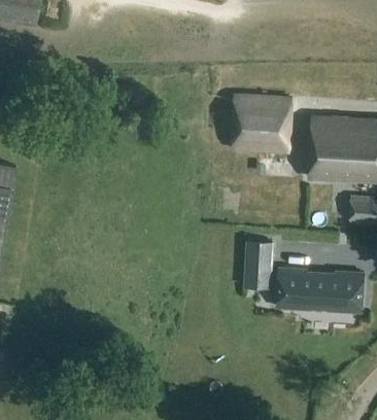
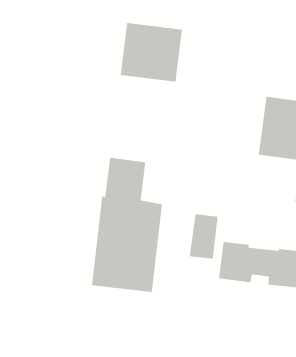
building: [231,95,293,153] -> [120,22,183,82]
building: none -> [91,157,163,293]

